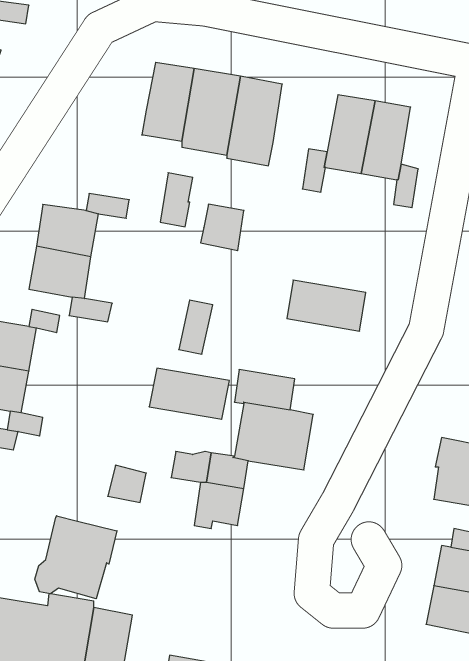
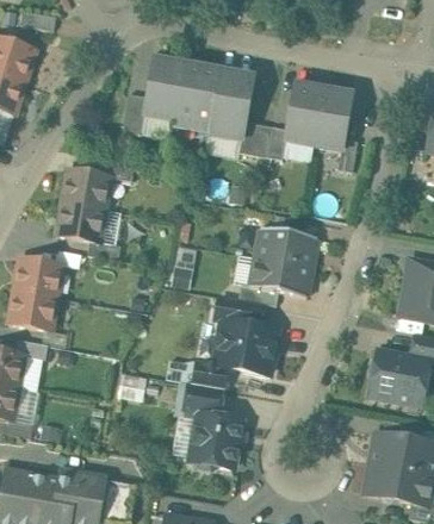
building: [160,173,193,227] -> [122,93,147,135]
building: [201,204,244,251] -> [238,121,272,157]
building: [149,368,229,419] -> [249,257,311,297]
building: [35,516,117,599] -> none
building: none -> [190,413,241,469]

